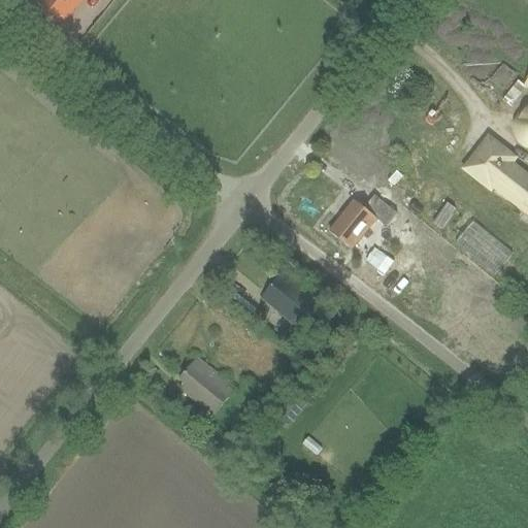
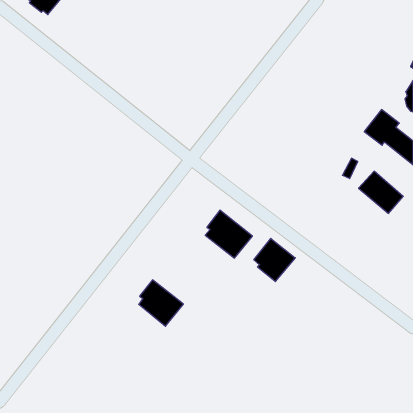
building: [327,194,396,246] -> none
building: none -> [254,238,295,282]

